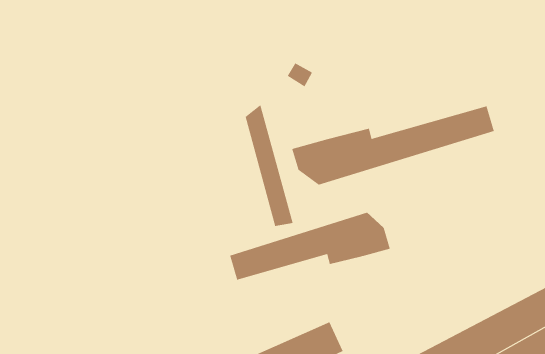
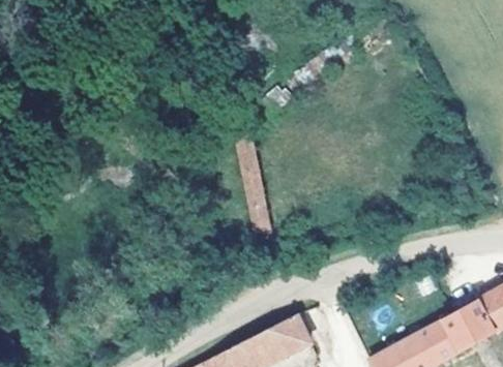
building: [291,106,495,185] -> none
building: [229,212,391,281] -> none

